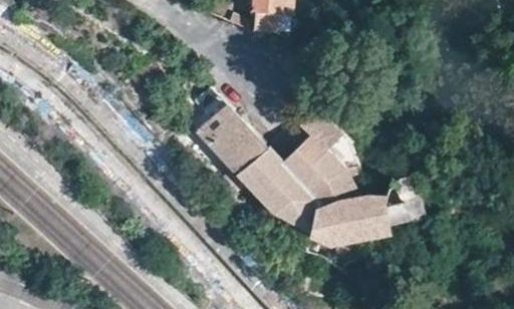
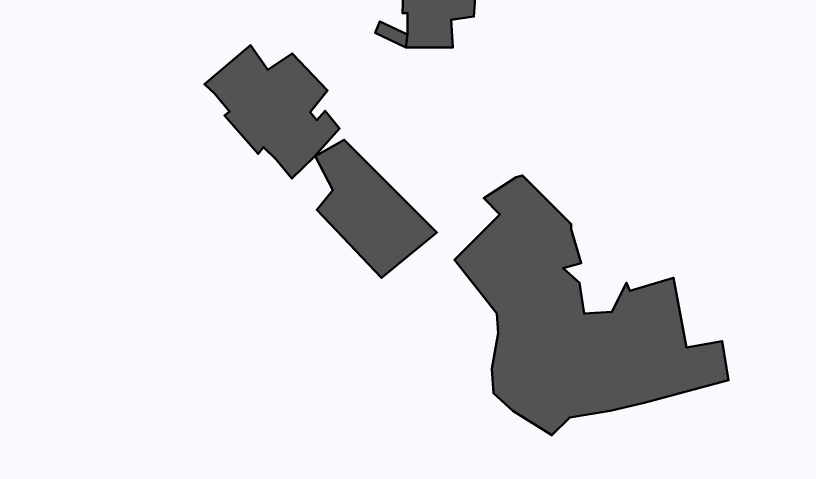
building: none -> [205,45,340,179]
building: [237,146,309,231] -> none

